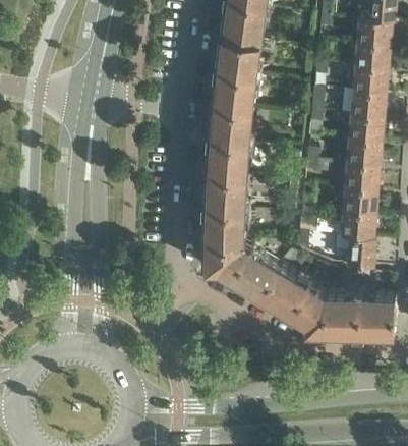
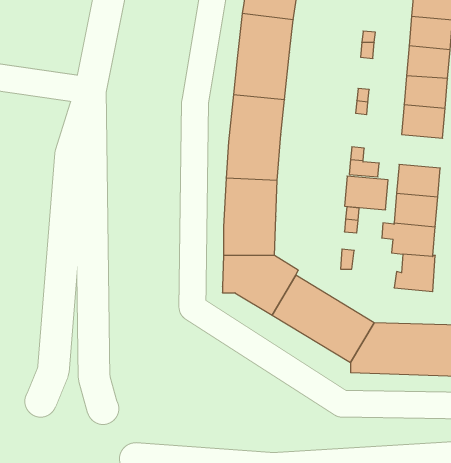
building: [346,143,382,170] -> [345,176,388,210]

